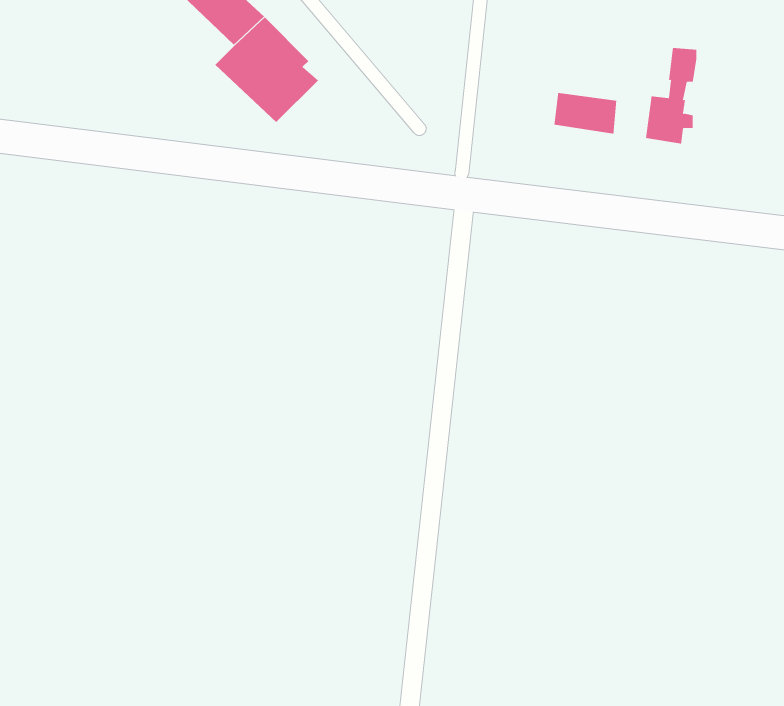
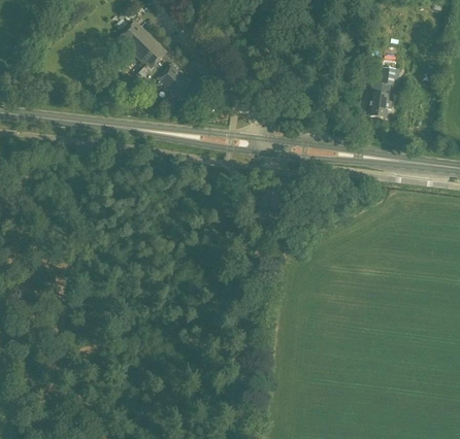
building: [554,92,617,135] -> none

